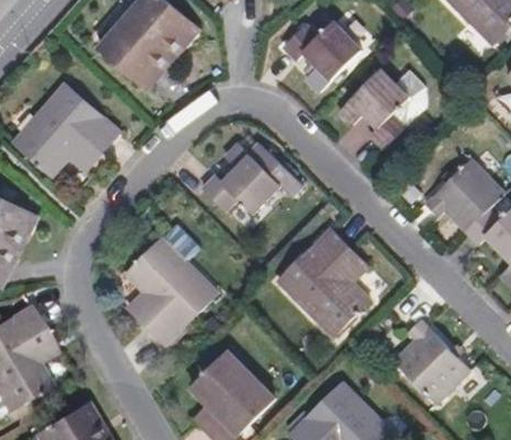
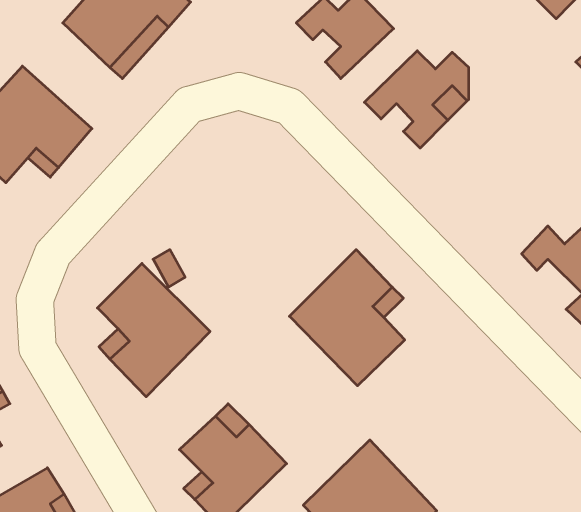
building: [205,141,303,212] -> none
building: [421,160,500,231] -> none
building: [395,317,470,400] -> none

